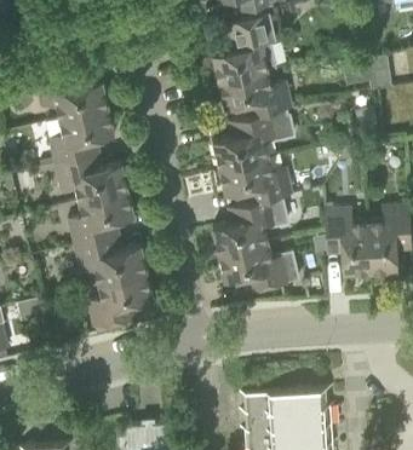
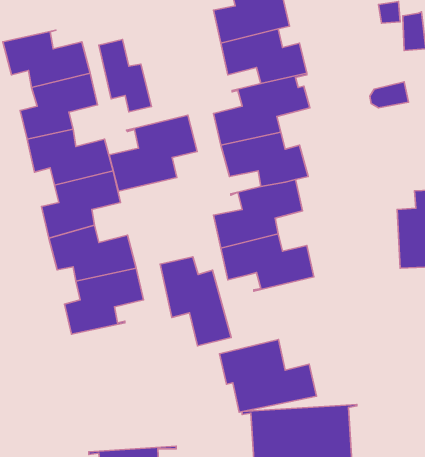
building: none -> [99,39,151,112]
building: none -> [109,115,197,191]
building: [323,208,369,273] -> none
building: none -> [160,257,231,346]
building: none -> [220,340,317,412]

